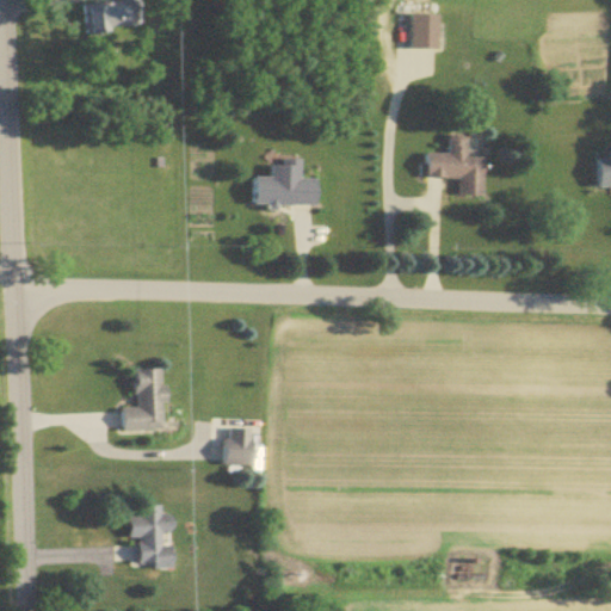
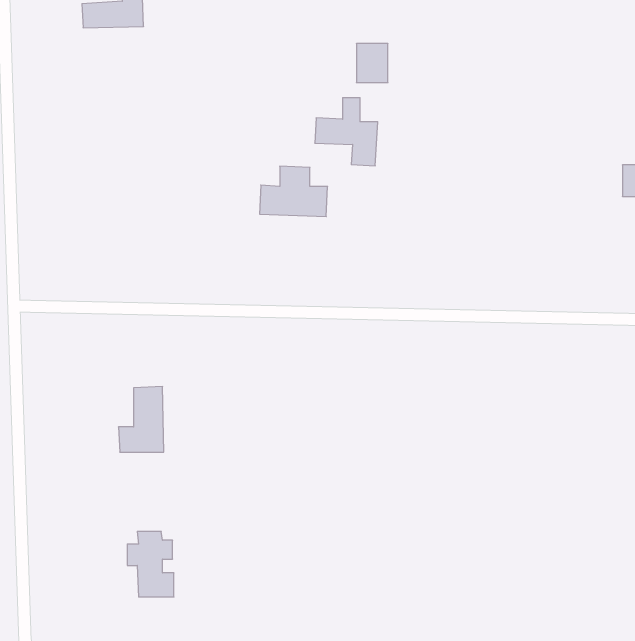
building: [412,11,442,48] -> [356,44,388,83]
building: [424,132,483,197] -> [315,98,378,166]
building: [224,437,254,463] -> none

